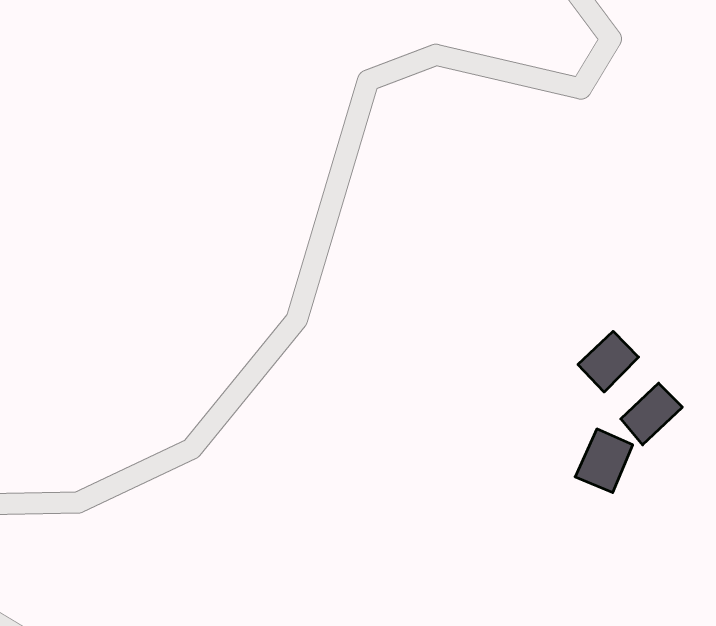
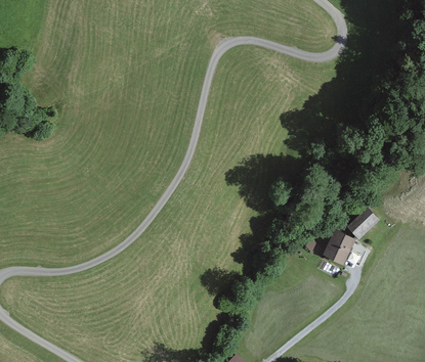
building: [578,331,639,392] -> none

